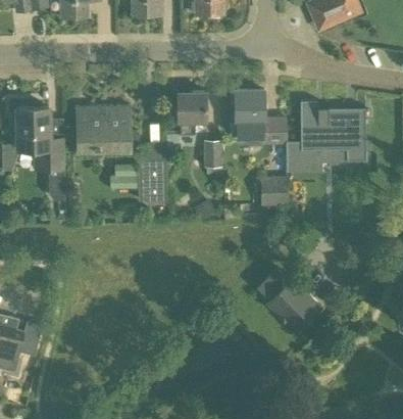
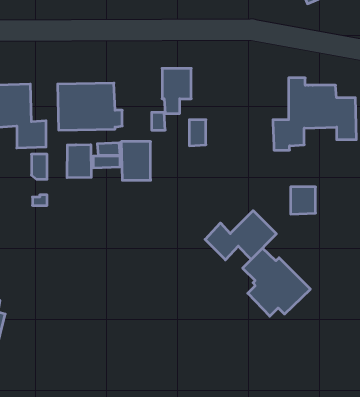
building: [236,90,288,145] -> none
building: none -> [67,145,91,178]
building: [262,178,287,204] -> [291,187,316,214]
building: none -> [205,211,276,260]

